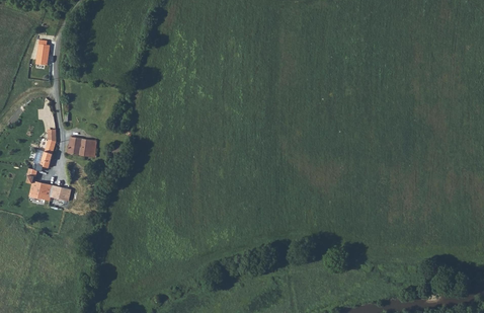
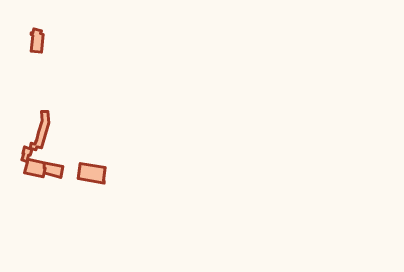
building: [67,137,96,158] -> [78,164,105,183]

